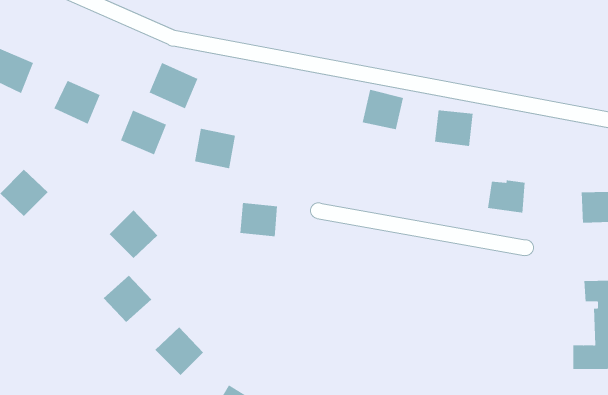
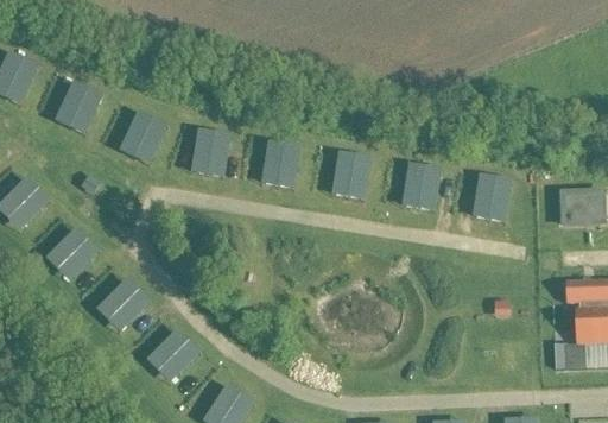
building: [149,62,198,109] -> none
building: [362,89,404,130] -> [330,158,370,197]
building: [434,110,474,147] -> [401,171,439,207]
building: [240,202,278,237] -> [262,150,299,183]
building: [109,210,158,259] -> [51,225,99,272]

